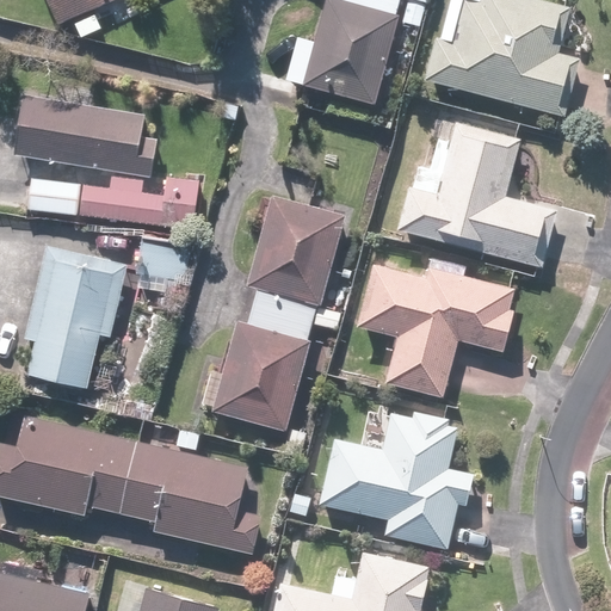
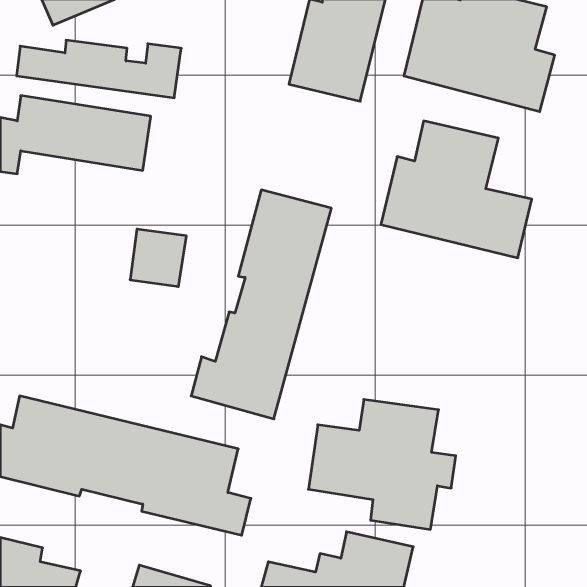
building: [29,171,199,230] -> [17,40,181,98]
building: [21,247,126,389] -> none
building: [354,253,518,397] -> none

